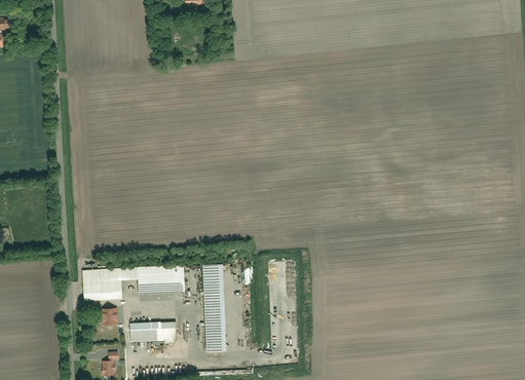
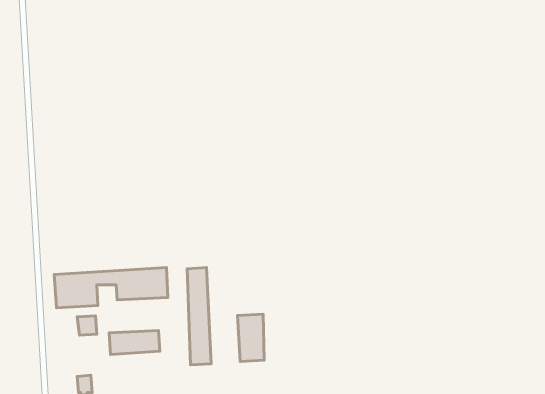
building: none -> [238,314,264,361]

